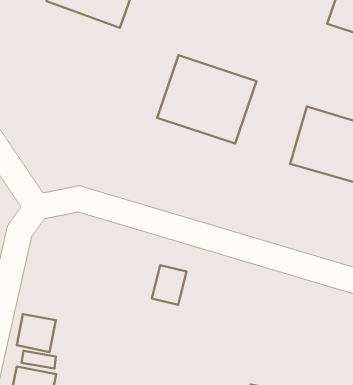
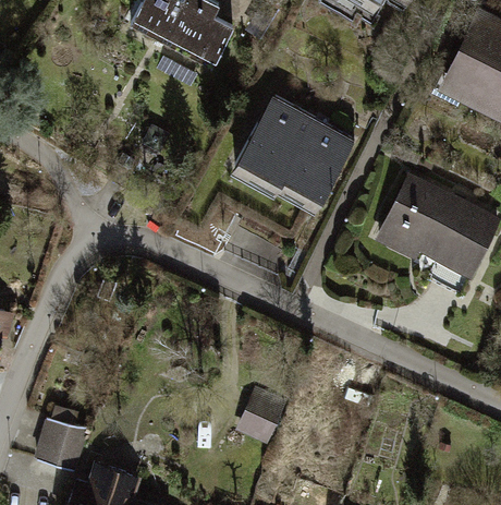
building: [152,265,187,305] -> [242,394,284,441]
building: [17,314,56,352] -> none

